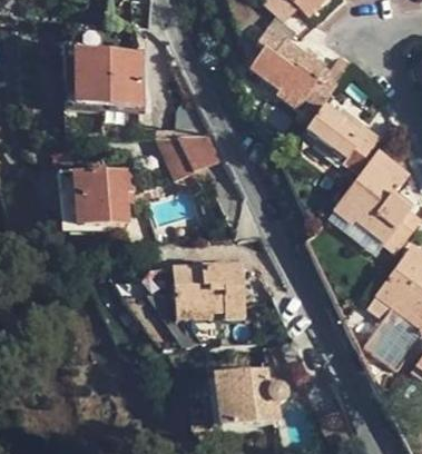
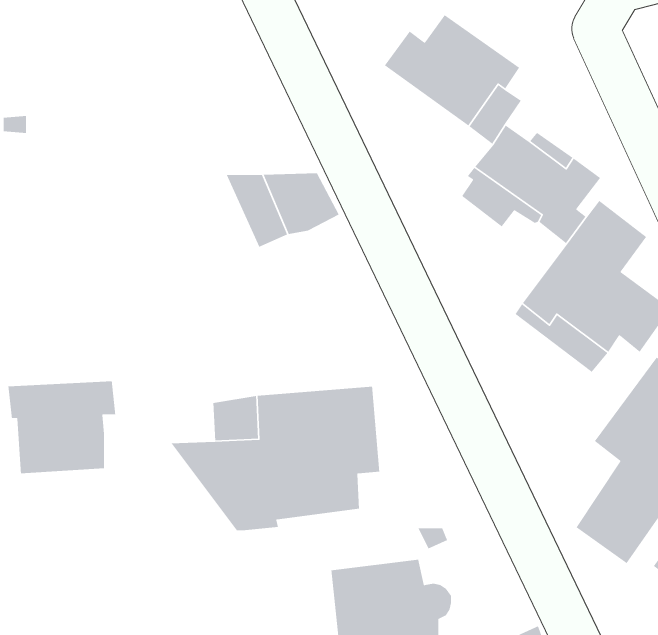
building: [72,50,140,103] -> none
building: [70,166,136,223] -> [7,380,116,474]

